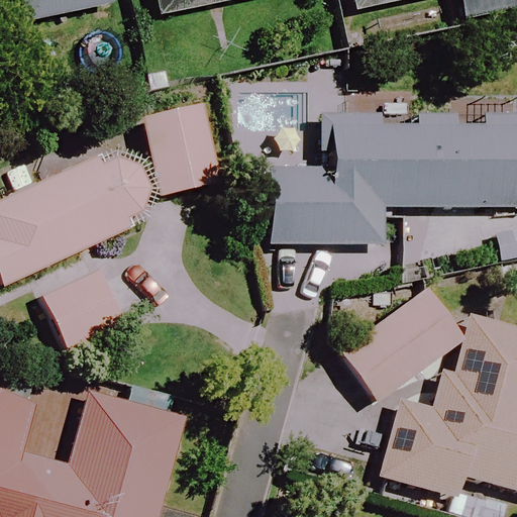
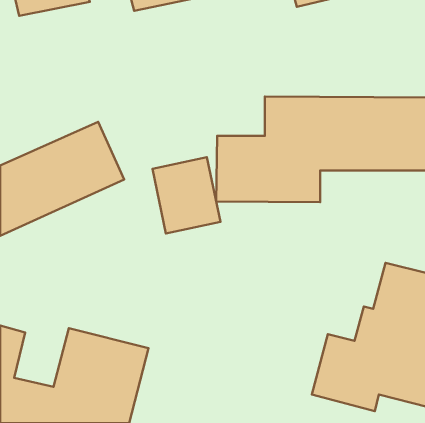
building: [143,104,225,196] -> [152,157,220,233]
building: [42,271,118,340] -> none
building: [340,291,460,400] -> none

